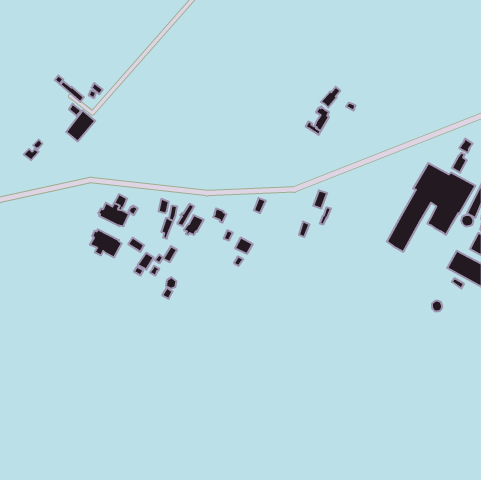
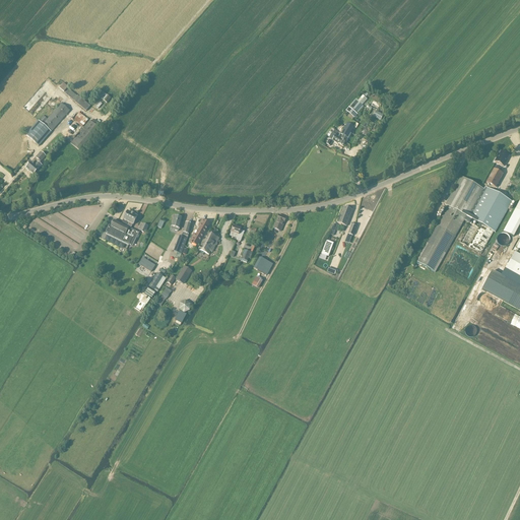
building: none -> [27,102,70,144]
building: [90,229,122,257] -> none

